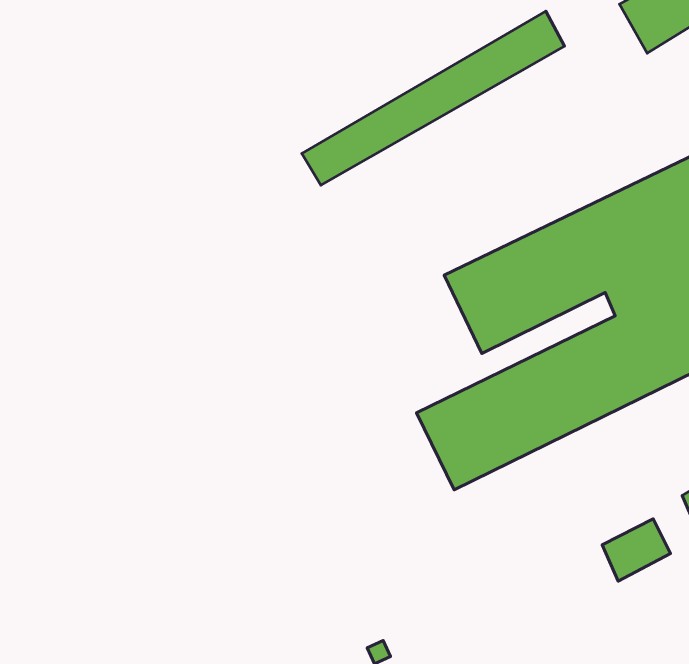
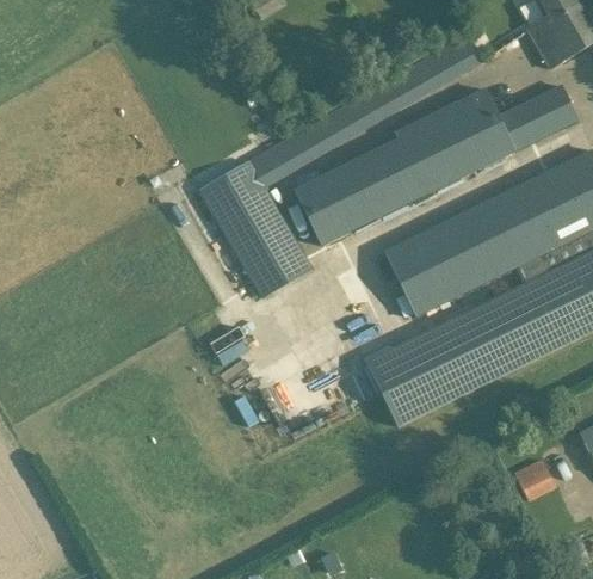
building: none -> [295,85,579,246]
building: none -> [198,160,314,298]

